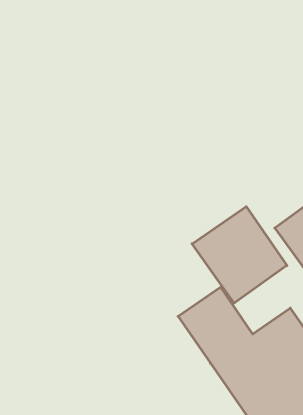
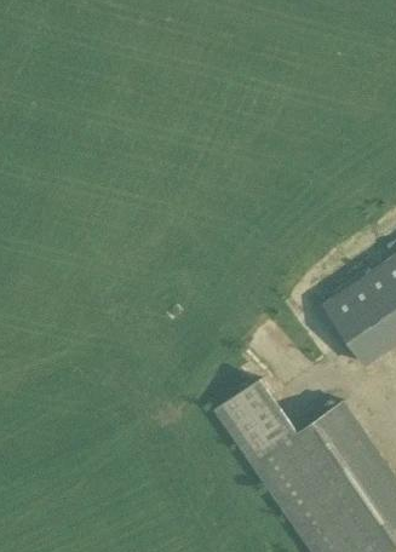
building: [192,207,287,303] -> none

